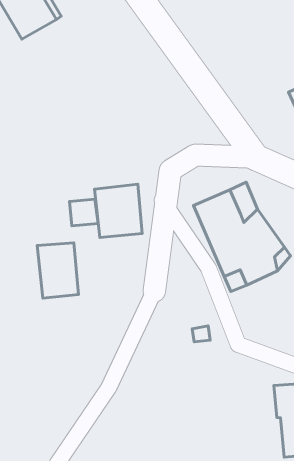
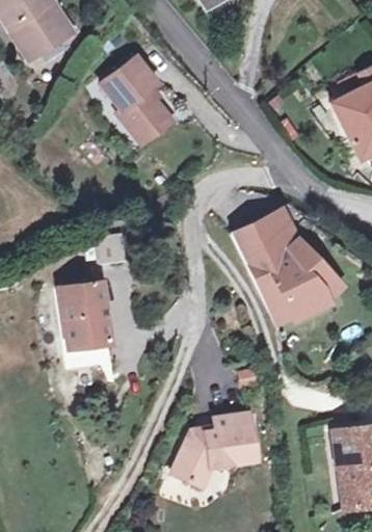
building: none -> [107,57,178,144]
building: [95,184,142,238] -> none
building: none -> [174,414,255,486]

